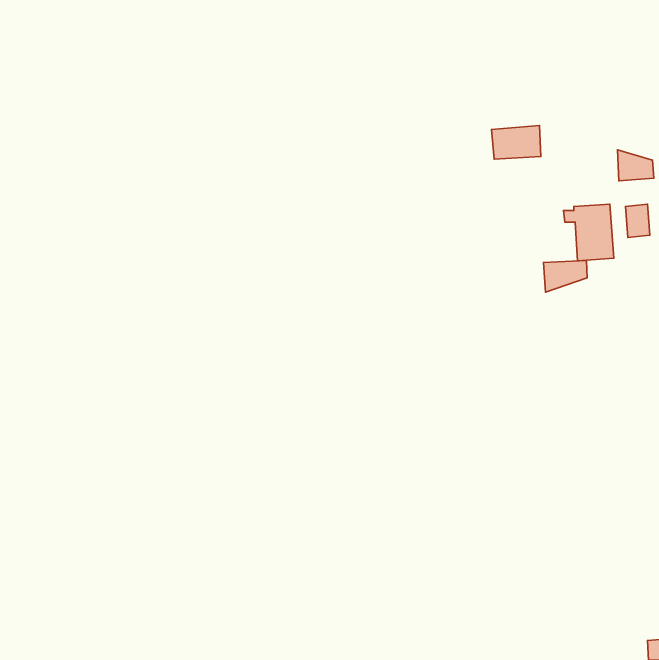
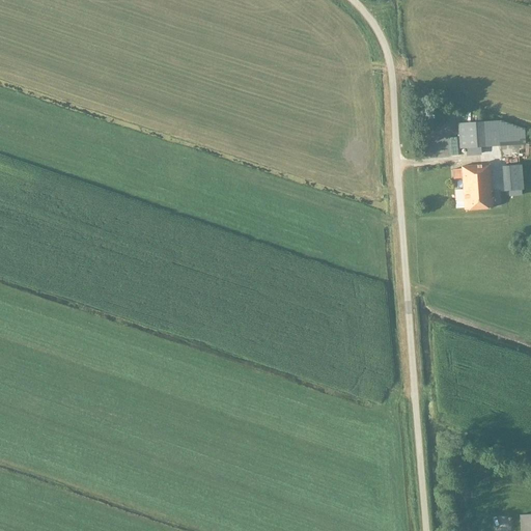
building: [492,126,541,159] -> [458,120,498,147]
building: [543,260,587,292] -> none

